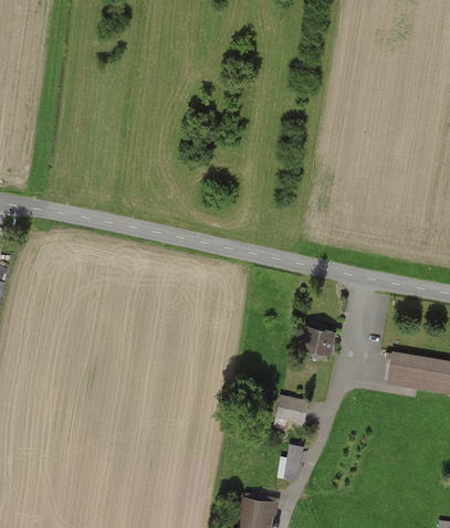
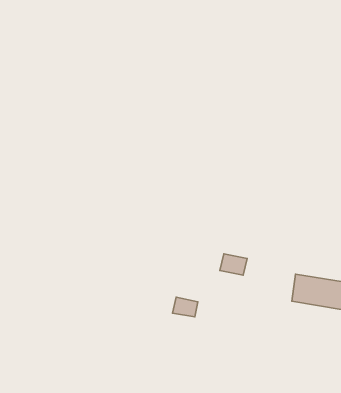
building: [276,397,306,420] -> [172,297,198,317]
building: [278,442,305,479] -> none

